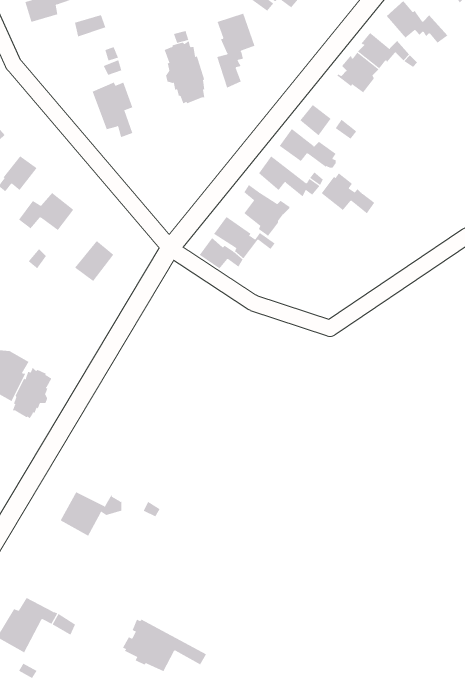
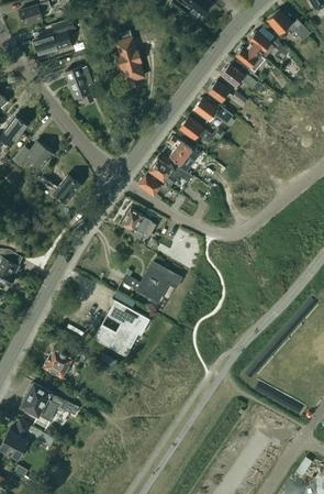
building: [217,13,255,89] -> none
building: none -> [34,34,72,55]
building: [321,172,375,214] -> [221,62,258,90]
building: none -> [122,209,157,240]
building: [12,367,52,419] -> none
building: none -> [121,263,181,301]
building: none -> [93,299,149,355]
building: [122,619,207,672] -> [21,384,79,420]

